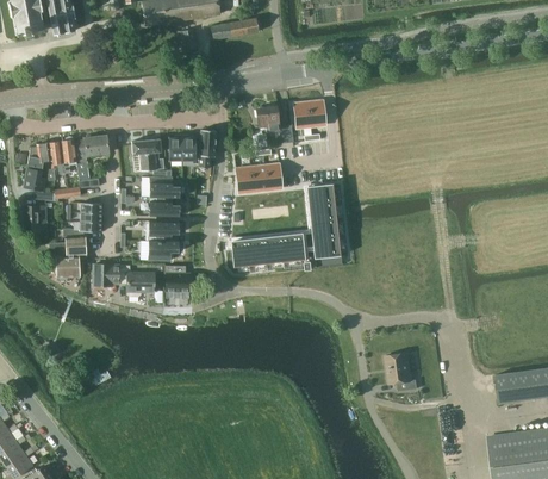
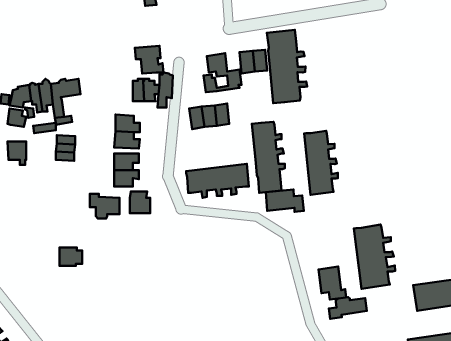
building: none -> [267,30,307,103]
building: [131,138,164,170] -> [135,46,164,74]
building: none -> [304,131,338,195]
building: [49,235,87,278] -> none
building: none -> [266,189,304,212]
building: [93,265,119,286] -> [59,247,82,266]
building: none -> [354,225,395,289]
building: none -> [329,297,367,319]

